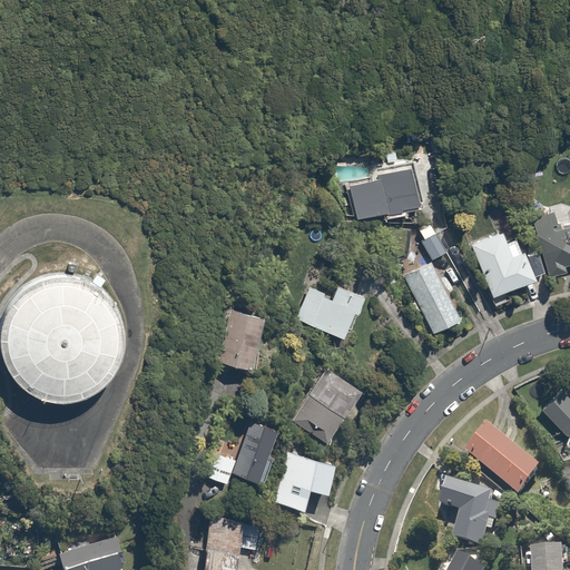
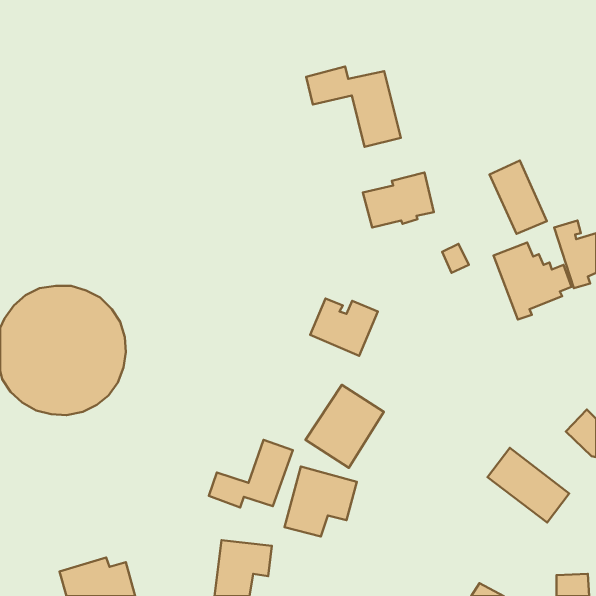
building: none -> [306,66,401,147]
building: [405,262,460,332] -> [490,161,547,234]
building: [214,309,266,372] -> none
building: [443,488,503,547] -> none

